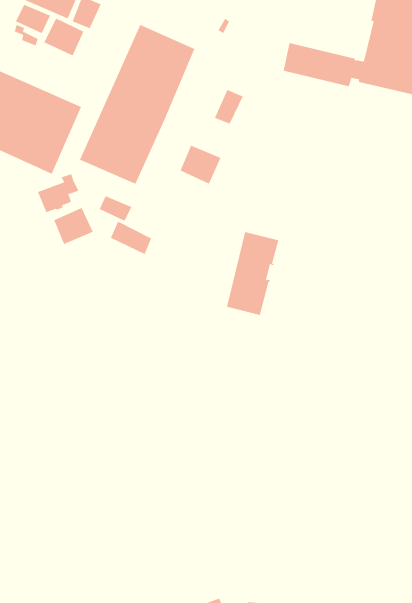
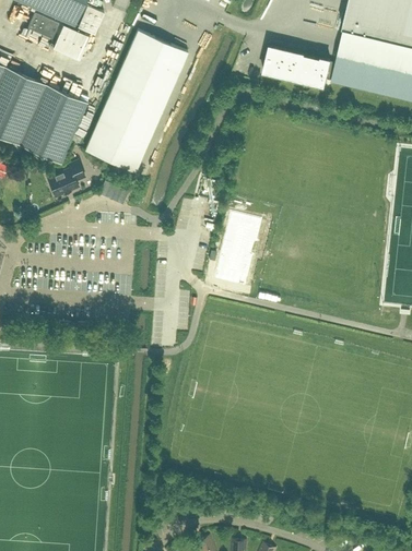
building: [214,89,244,125] -> none
building: [180,145,221,184] -> none
building: [53,207,93,245] -> none
building: [110,221,152,255] -> none

